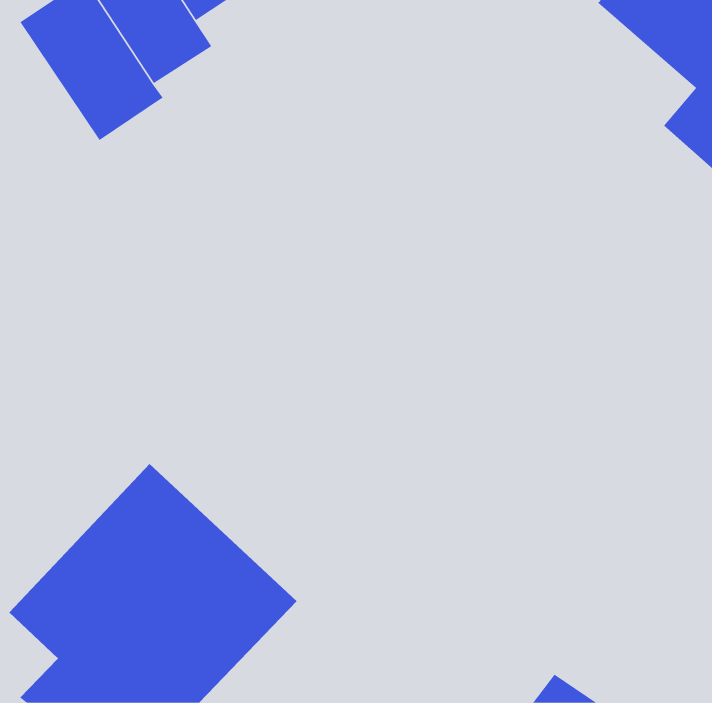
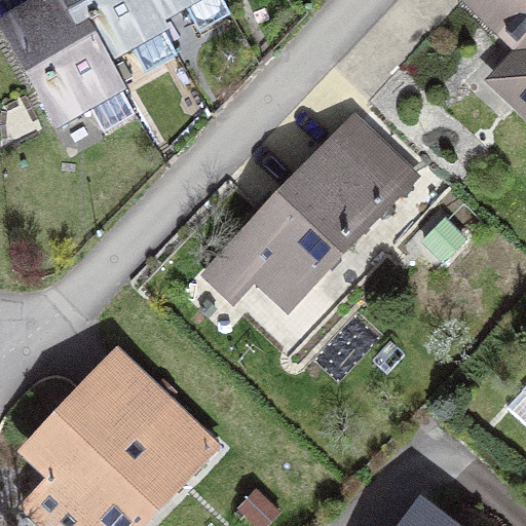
building: none -> [201,113,421,314]

